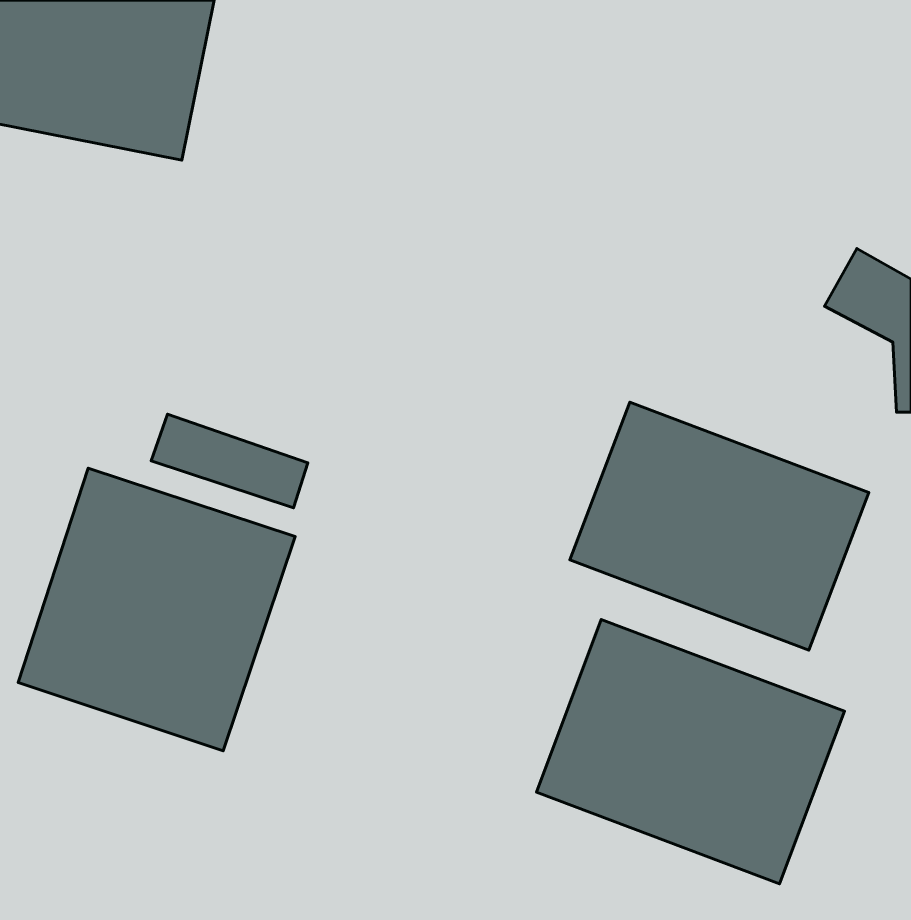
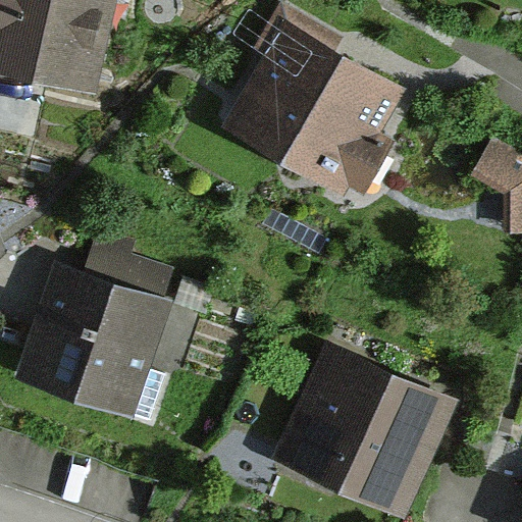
building: none -> [222,25,400,196]
building: [570,402,869,650] -> none

